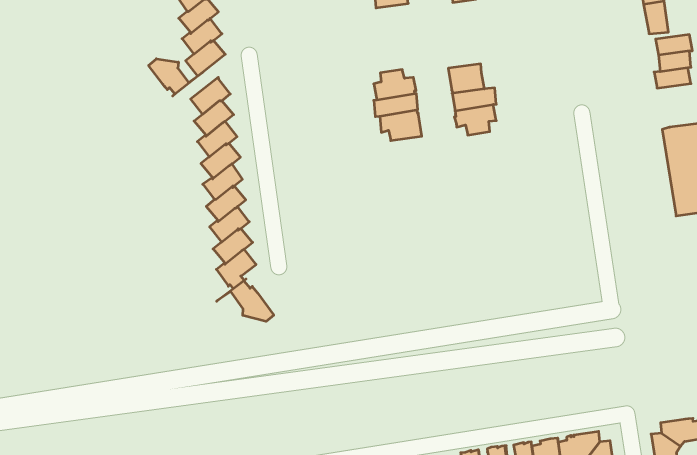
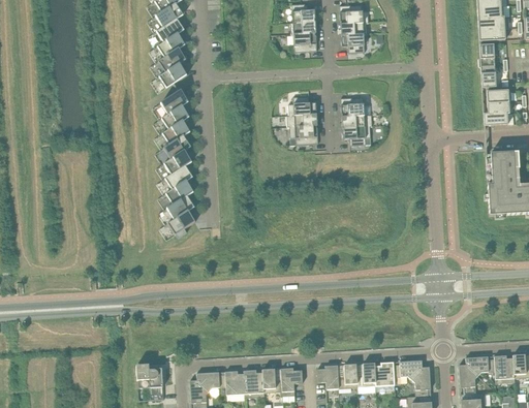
building: [149,59,203,96] -> none
building: [217,279,274,321] -> none

